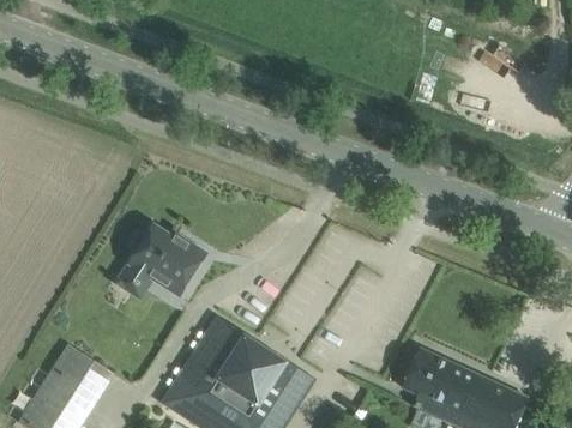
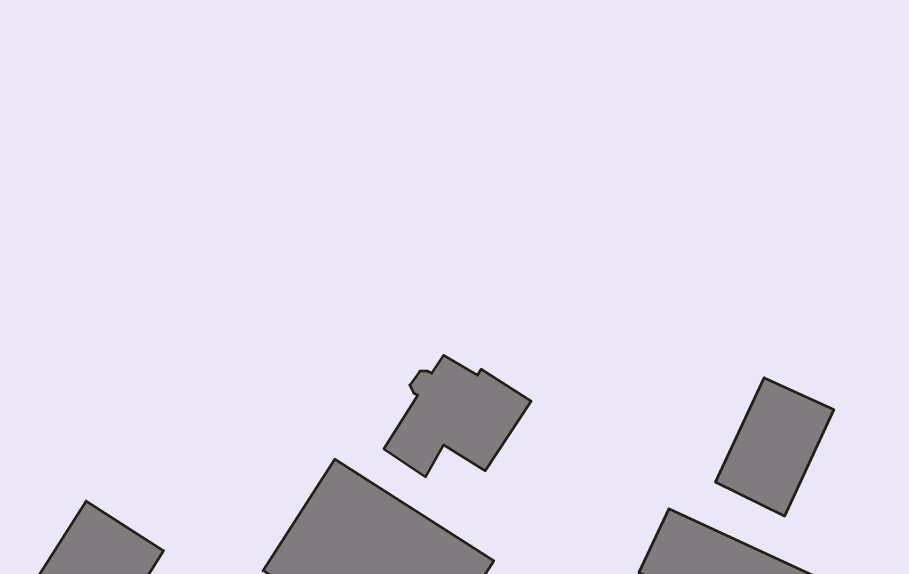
building: [116,227,205,300] -> [384,355,531,477]
building: none -> [716,378,834,516]

